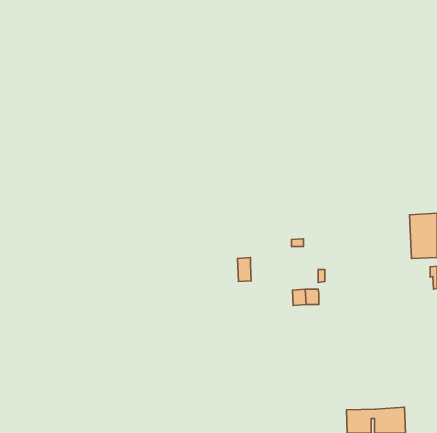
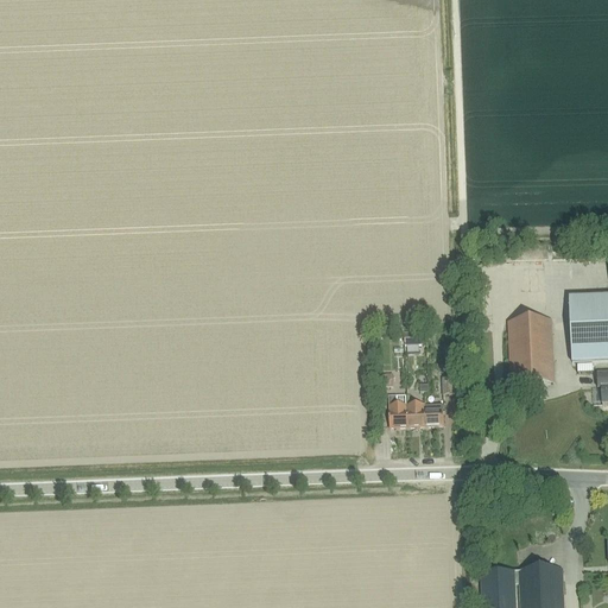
building: none -> [508,317,553,381]
building: [238,258,251,282] -> [388,392,407,425]

